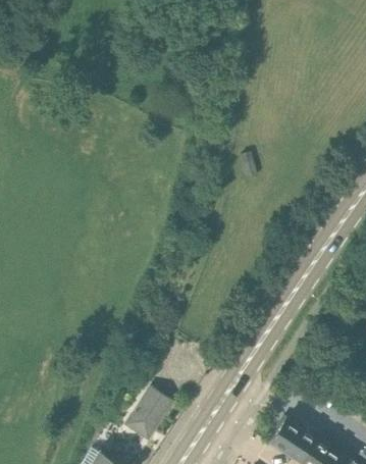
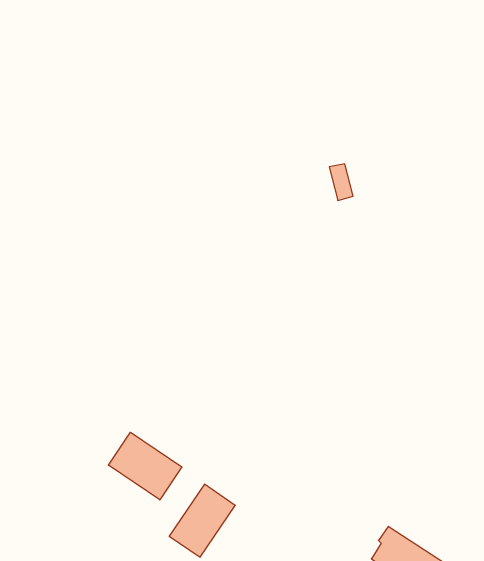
building: none -> [108,432,182,500]

